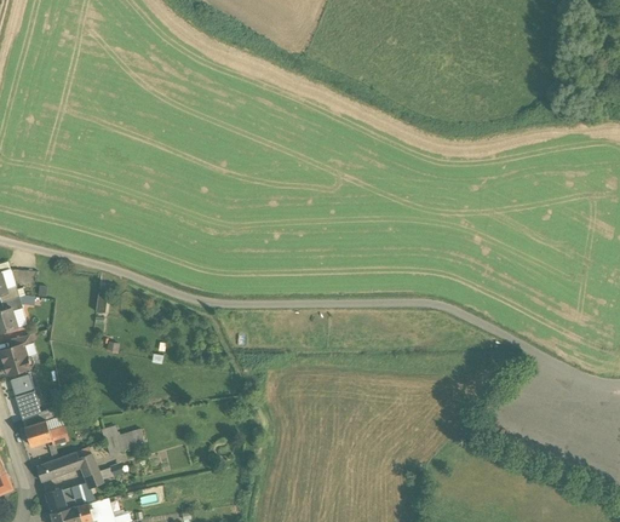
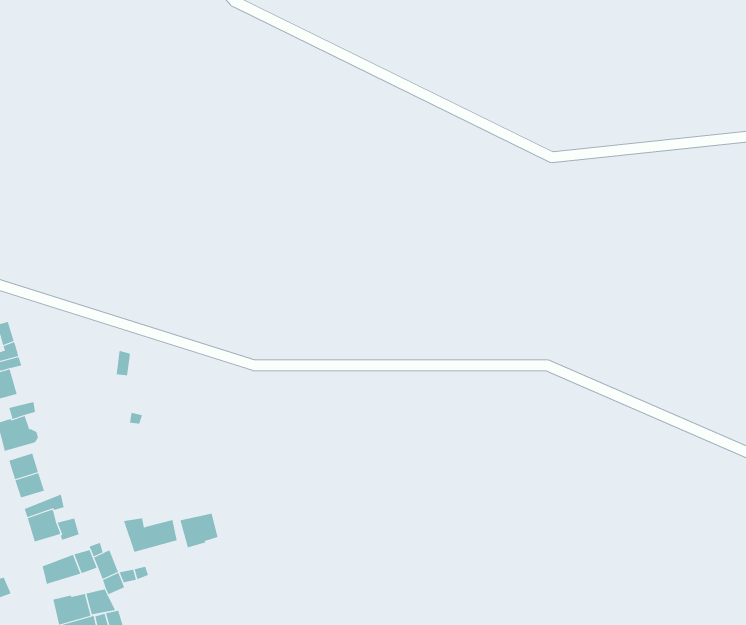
building: none -> [180,513,218,548]

